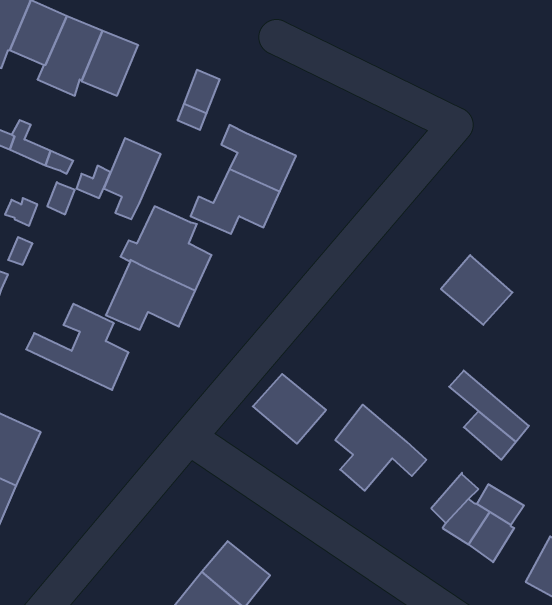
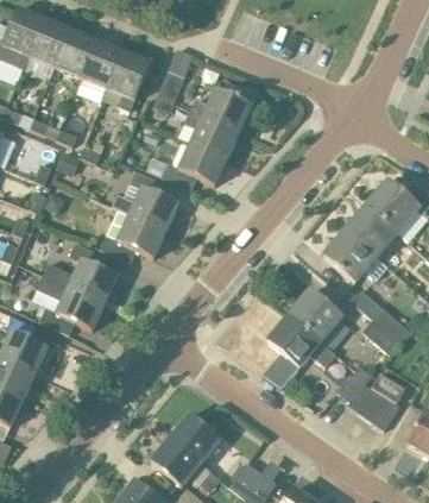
building: none -> [190,89,251,132]
building: [104,138,161,219] -> [108,51,150,111]
building: none -> [366,180,418,232]
building: none -> [323,230,387,282]
building: none -> [36,273,105,333]
building: [253,374,326,444] -> [288,290,341,341]

